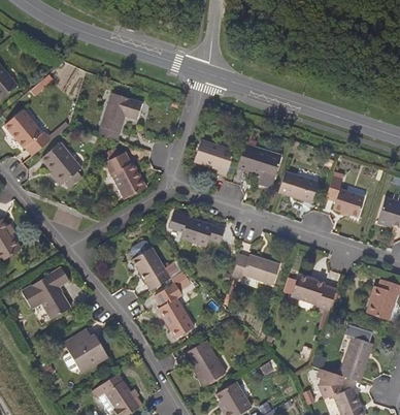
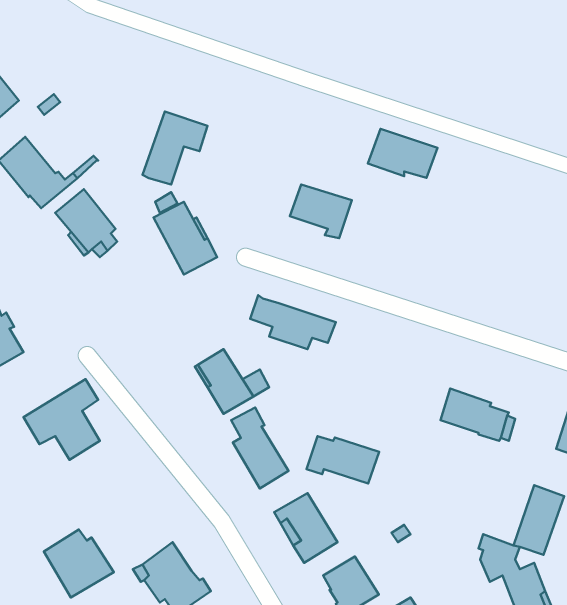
building: [236,143,281,175] -> [368,129,438,178]
building: [278,170,318,202] -> none
building: [325,173,364,217] -> none
building: [232,253,279,284] -> [306,436,379,484]
building: [63,328,108,373] -> [44,529,114,598]

